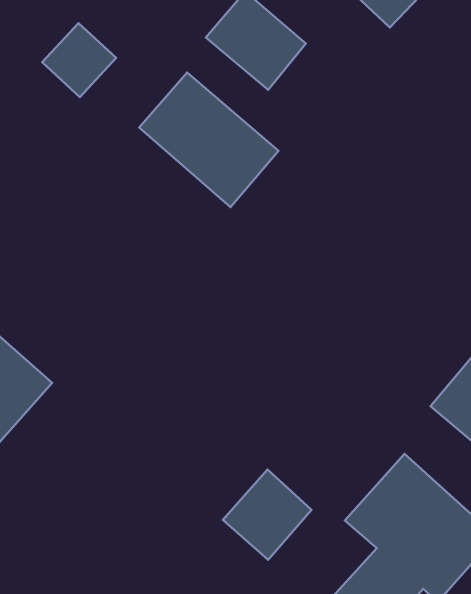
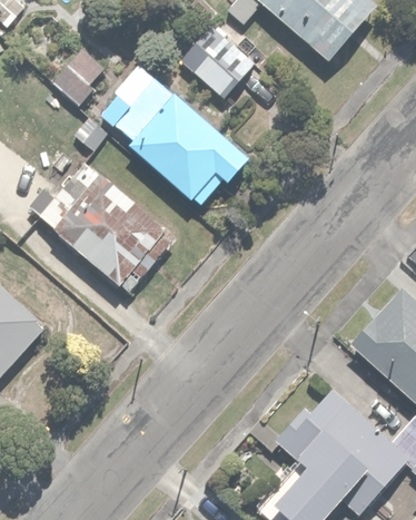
building: none -> [34,155,180,294]
building: [223,470,312,560] -> none

